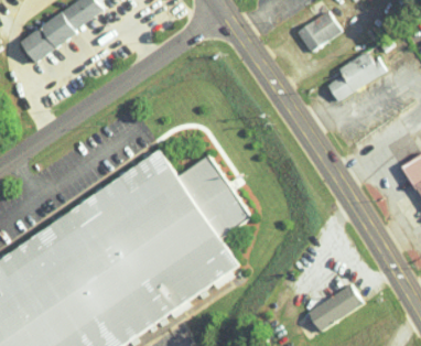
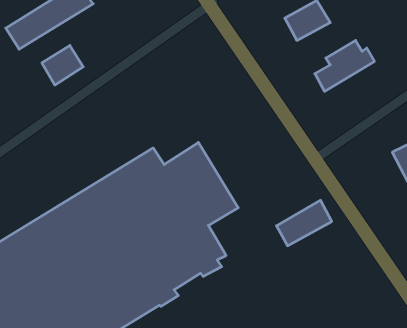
building: none -> [42,45,83,85]
building: [306,283,361,328] -> [276,200,332,246]

